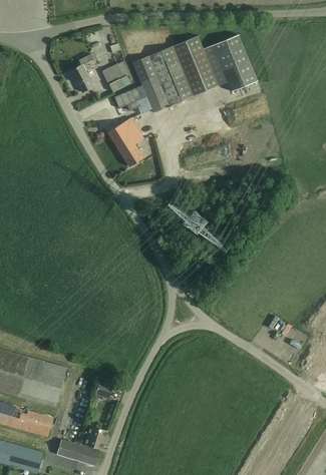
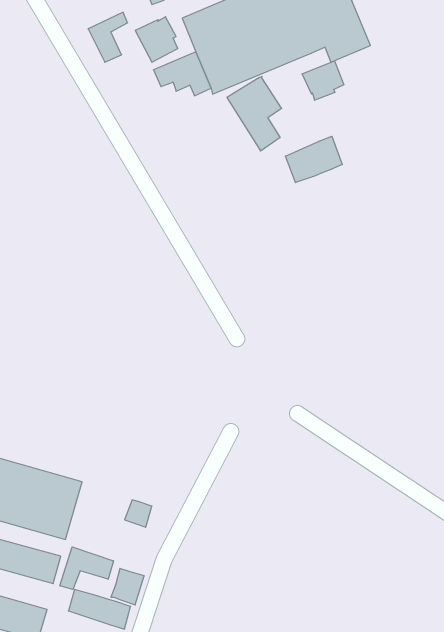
building: none -> [302,61,344,100]
building: [107,117,143,166] -> [227,76,282,151]
building: none -> [285,136,342,183]
building: none -> [60,547,113,589]

